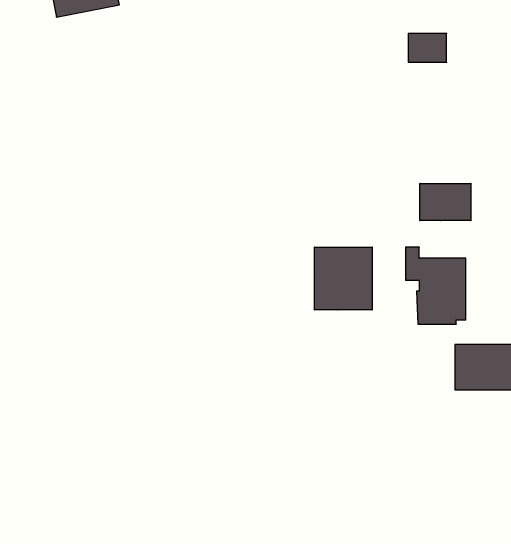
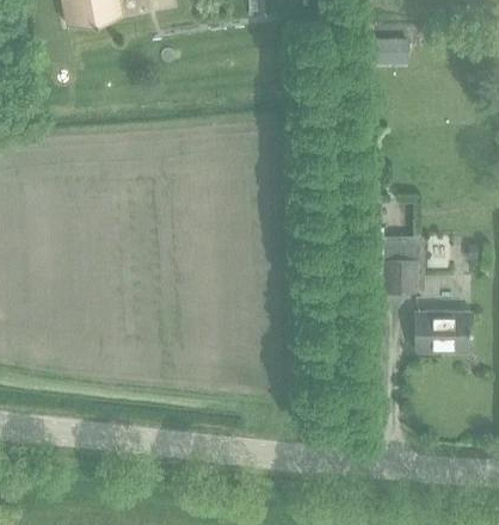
building: [420,183,471,221] -> none
building: [315,247,372,310] -> none

